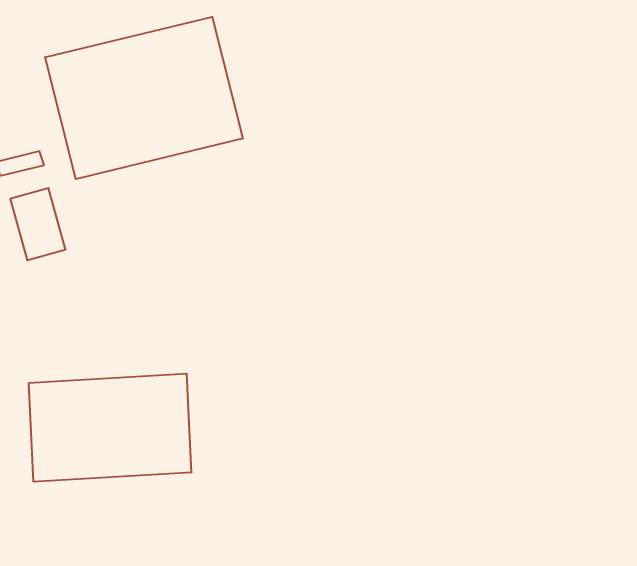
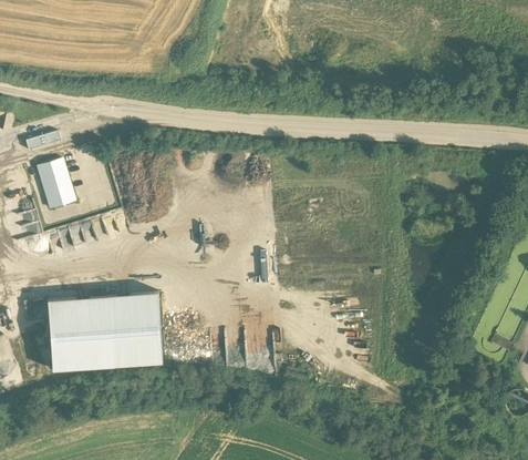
building: [45,17,243,179] -> none

